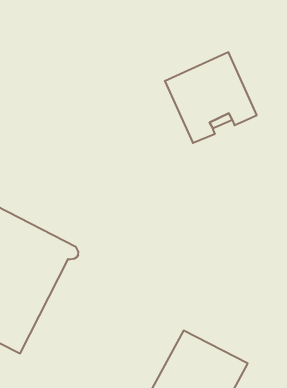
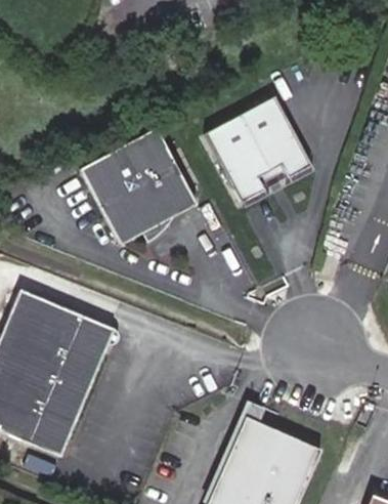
building: none -> [80,129,197,246]

